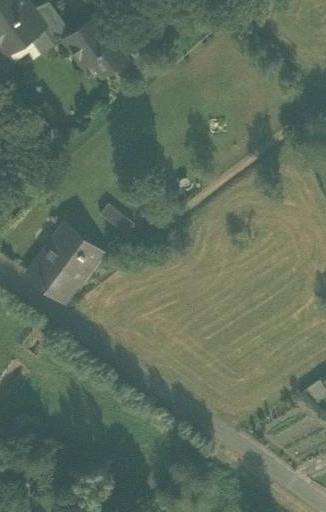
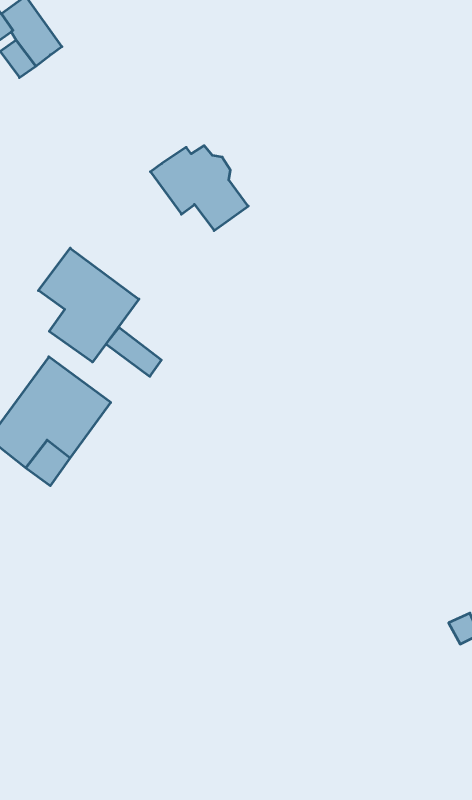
building: [66,23,126,75] -> [150,146,248,231]
building: none -> [38,248,139,362]

